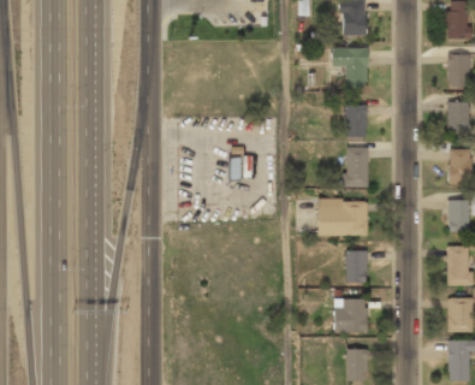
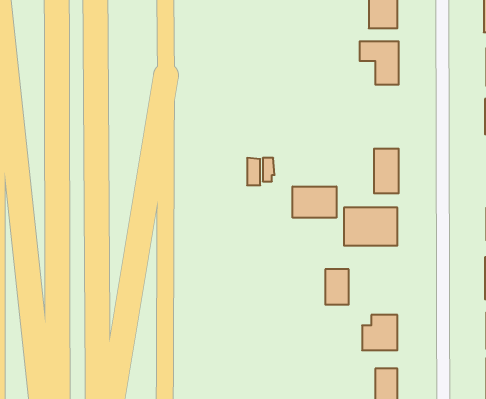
building: [345,105,367,138] -> none
building: none -> [293,186,336,218]
building: [345,251,367,284] -> [325,269,349,305]

